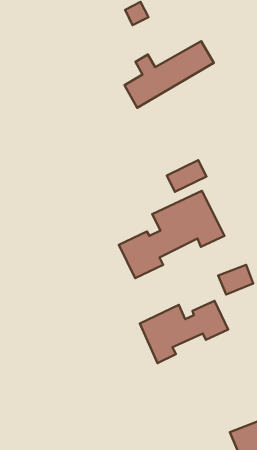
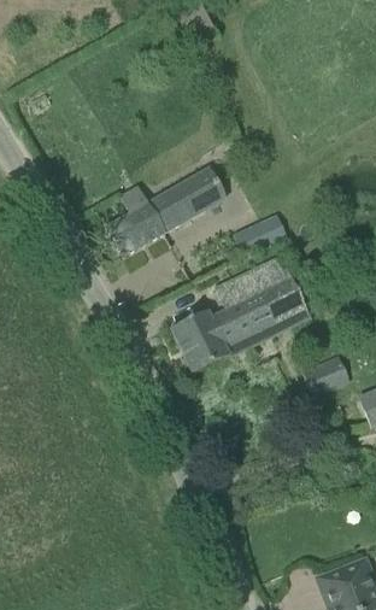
building: [125,41,214,108] -> [104,169,223,258]
building: [140,301,228,363] -> none

